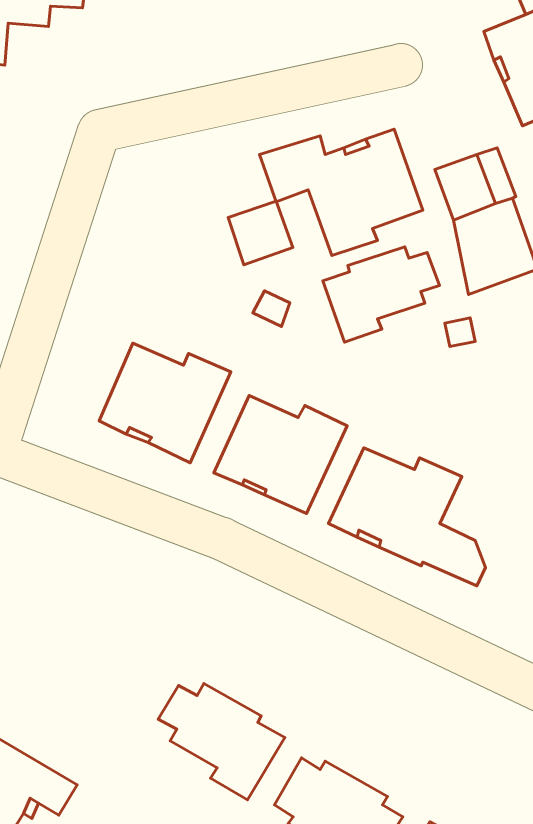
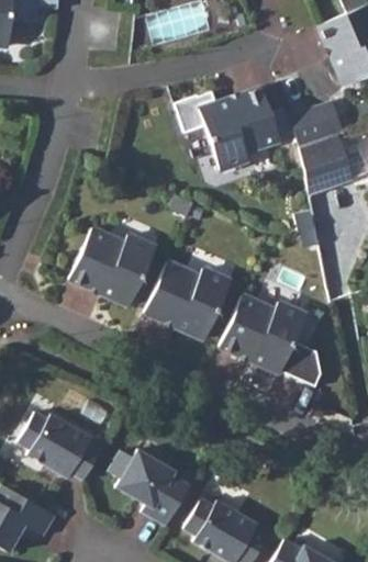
building: [228,201,293,265] -> none
building: [323,247,439,342] -> none
building: none -> [18,411,101,480]

